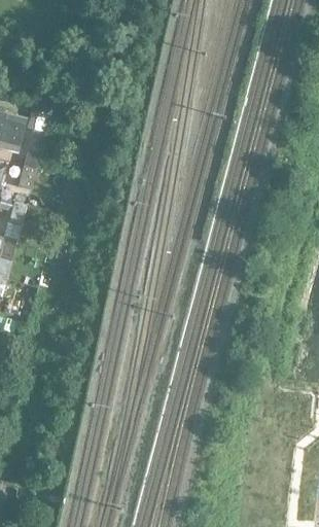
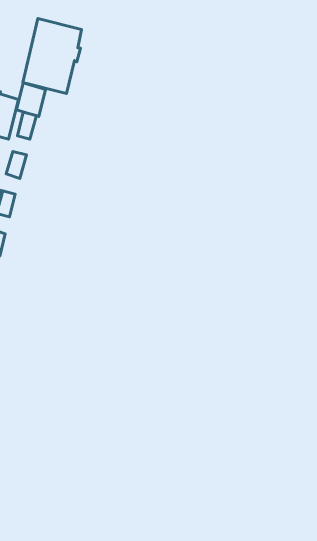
building: none -> [23,19,82,94]

